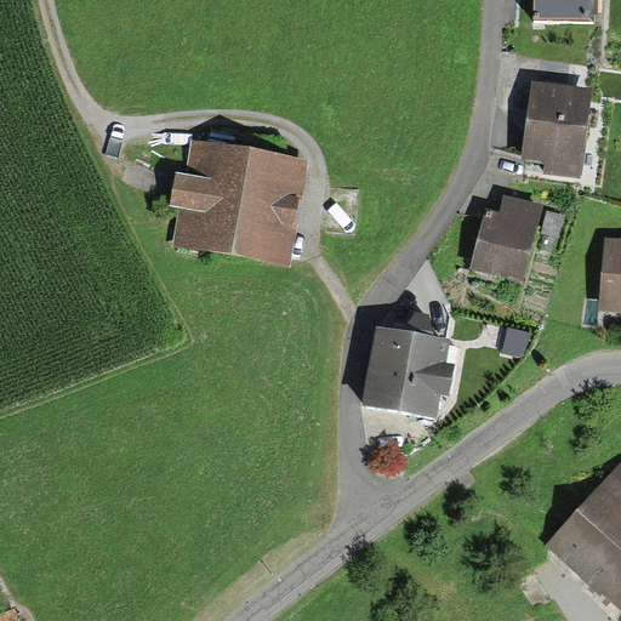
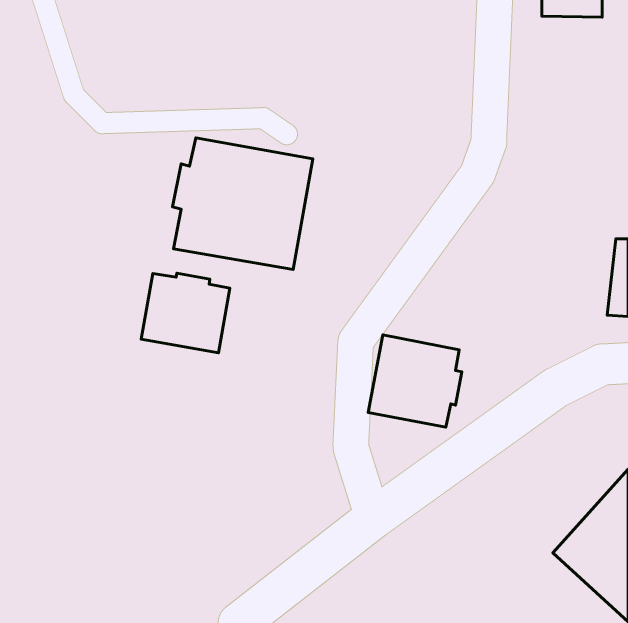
building: [520,80,593,176] -> none
building: [468,194,542,281] -> none
building: none -> [141,273,230,353]

